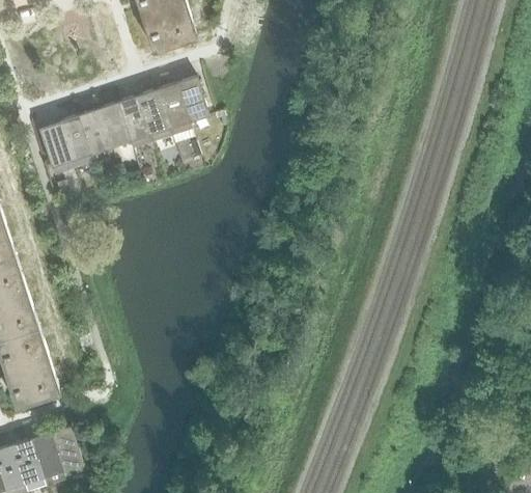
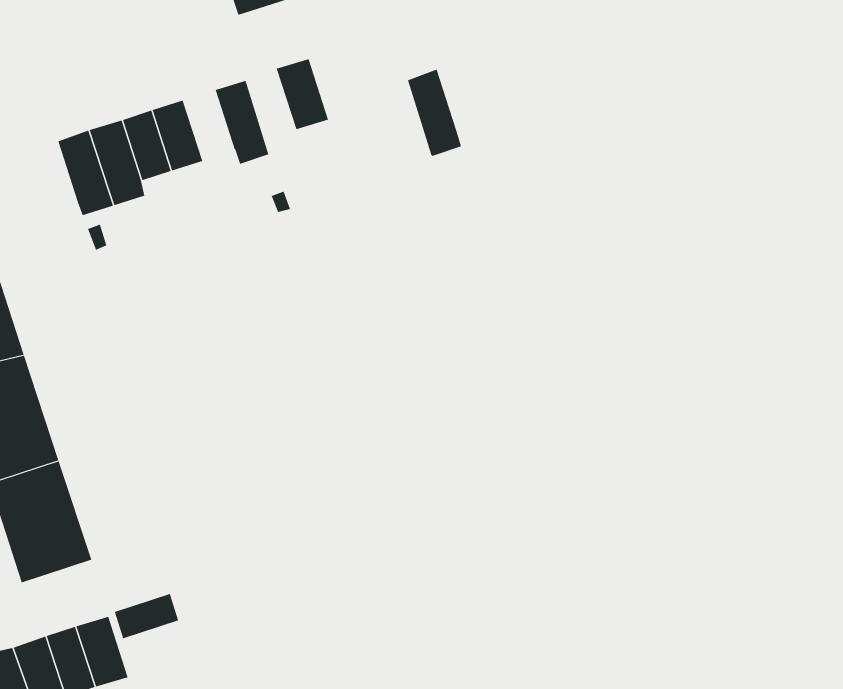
building: [155,83,189,138] -> [407,69,462,156]
building: [115,97,150,149] -> none
building: none -> [114,593,179,639]

